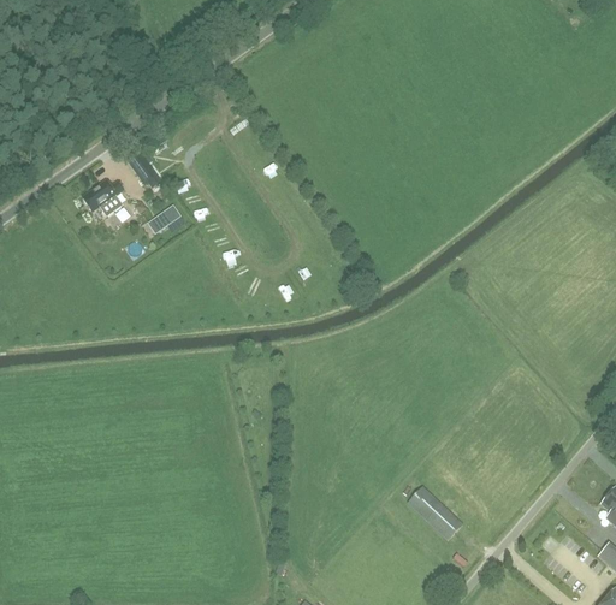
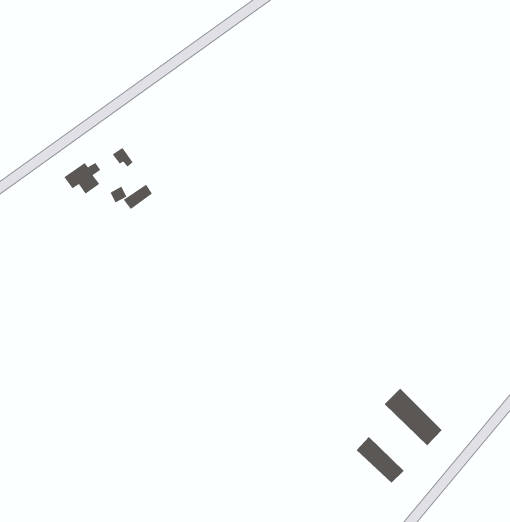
building: none -> [384,388,442,446]

